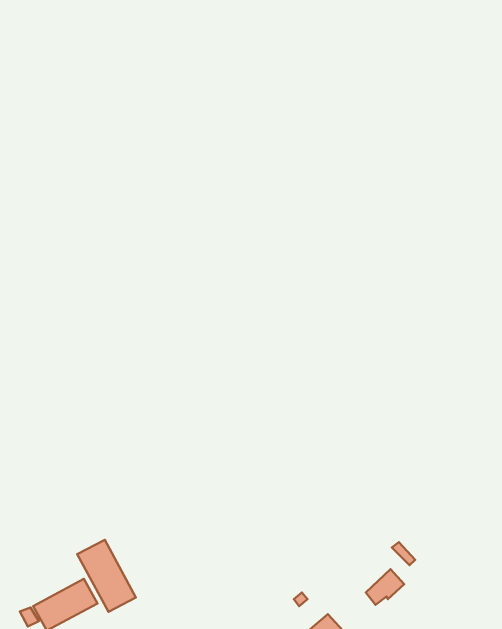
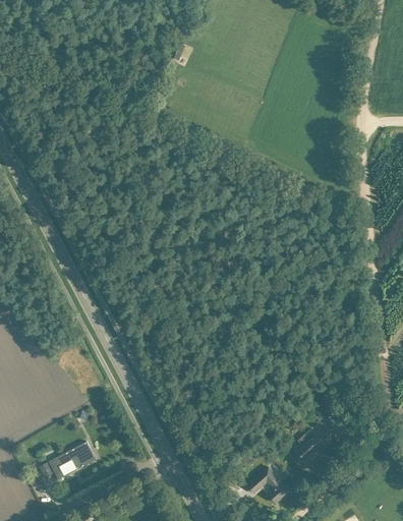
building: [77,540,136,612] -> none

